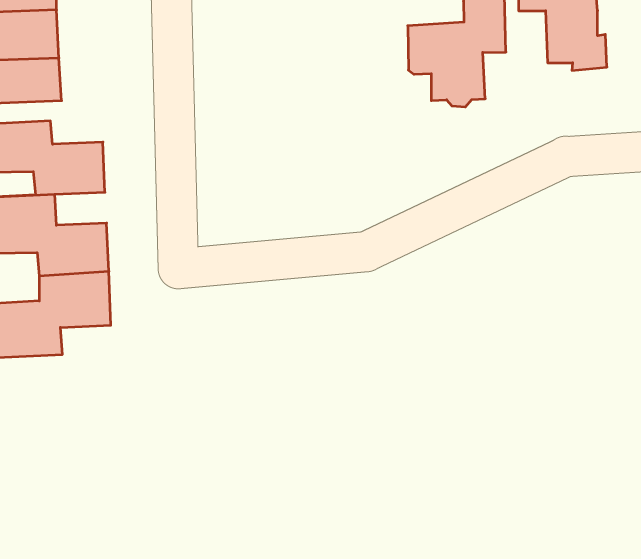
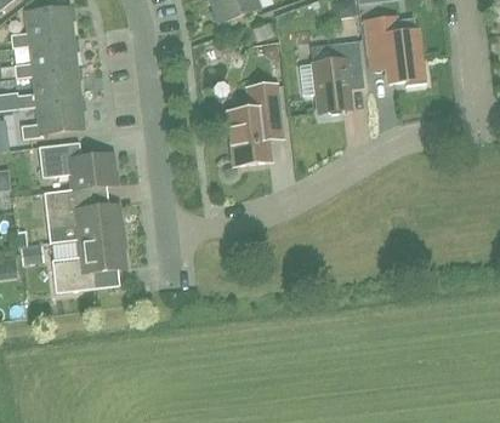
building: none -> [227,84,282,165]

